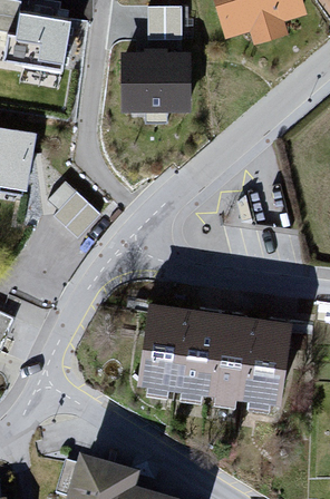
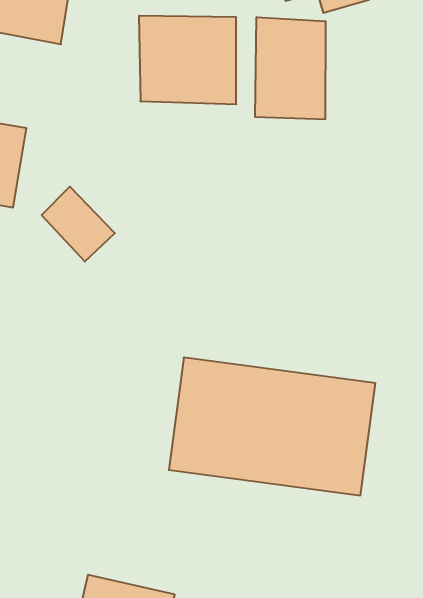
building: none -> [255,17,325,119]

